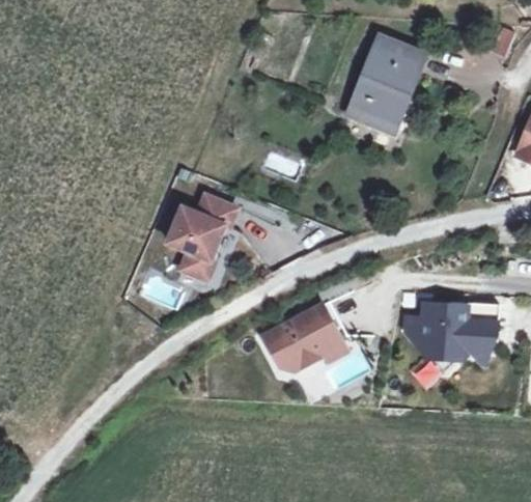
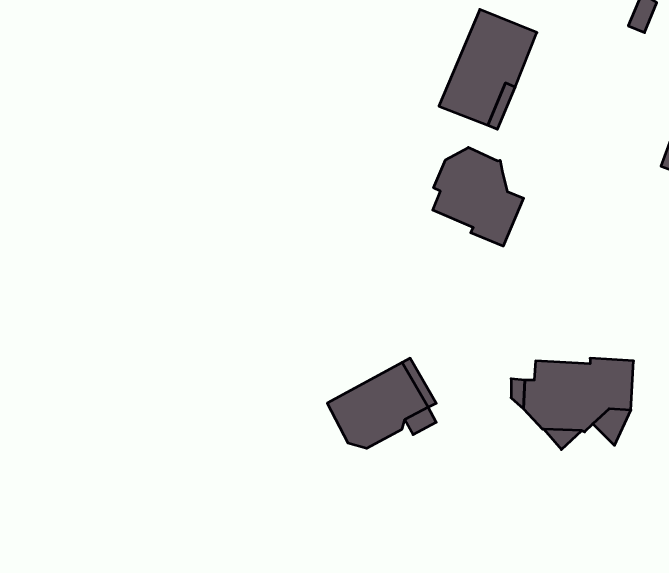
building: none -> [433,147,524,246]
building: [169,193,237,277] -> none

